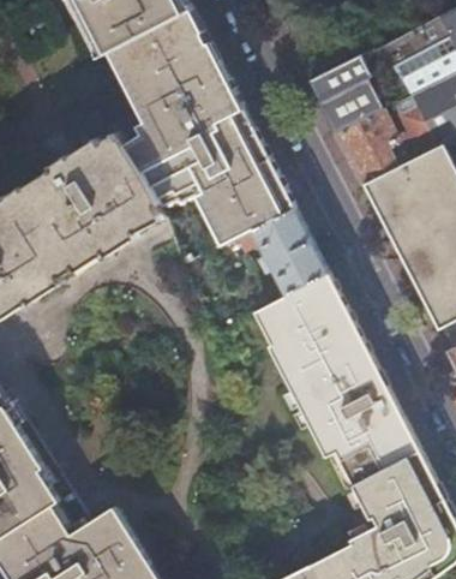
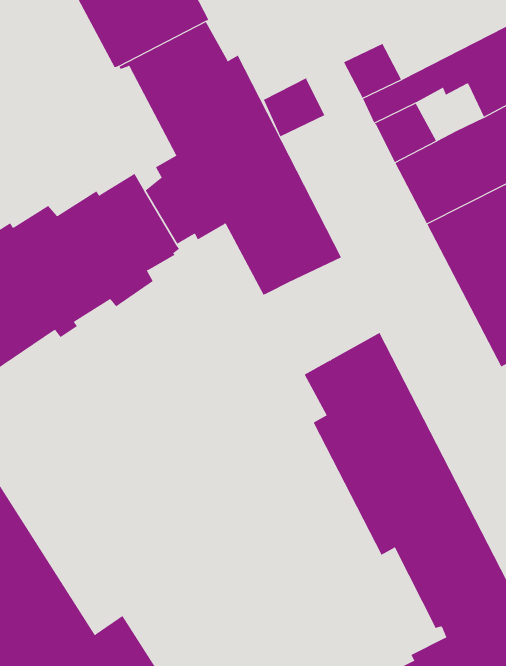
building: none -> [263,77,325,137]
building: [233,211,326,297] -> none

